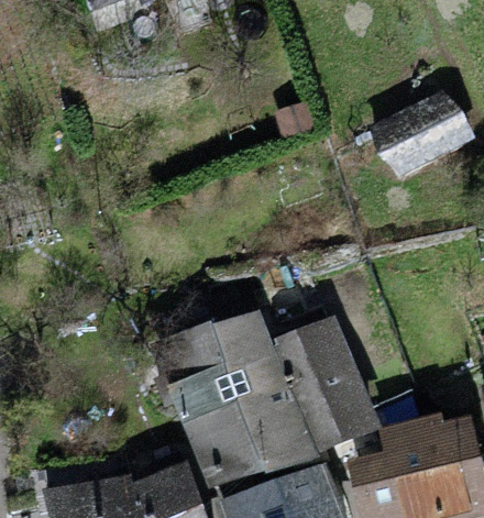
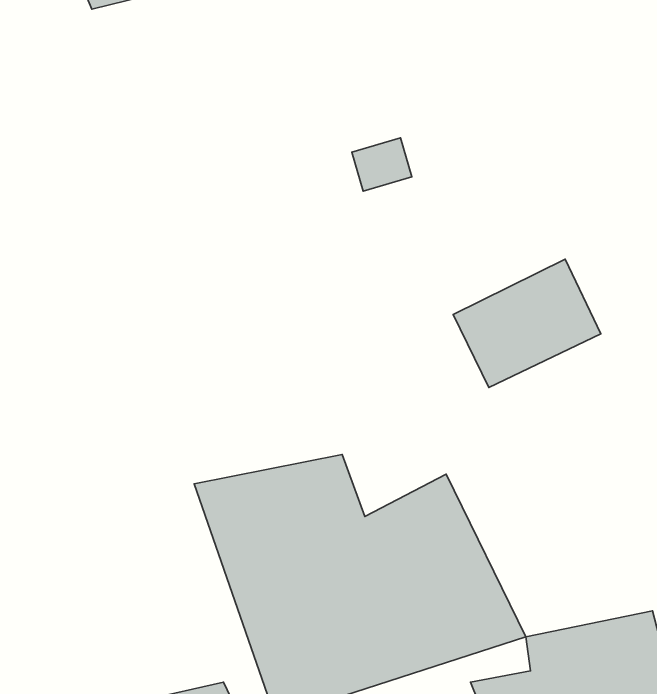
building: [365,88,465,175] -> [453,259,601,388]

